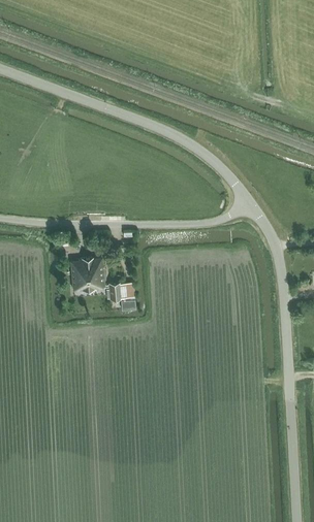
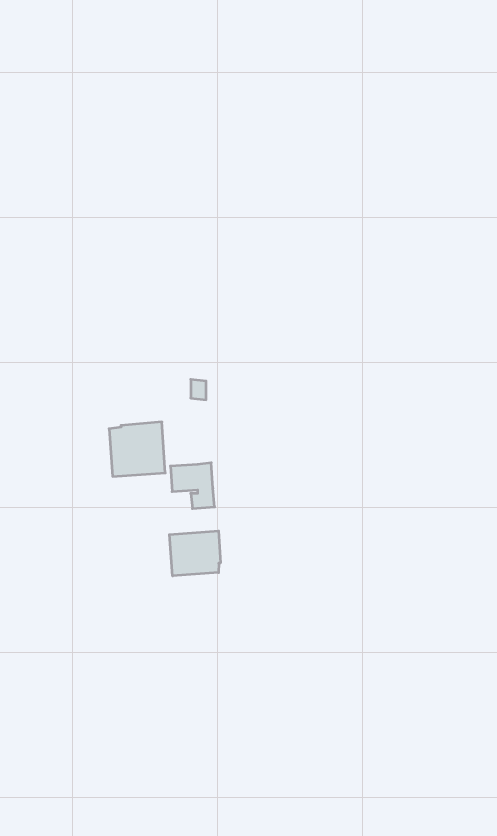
building: none -> [169,531,220,576]

